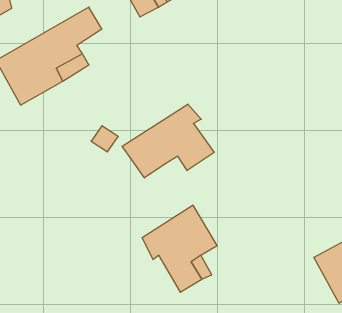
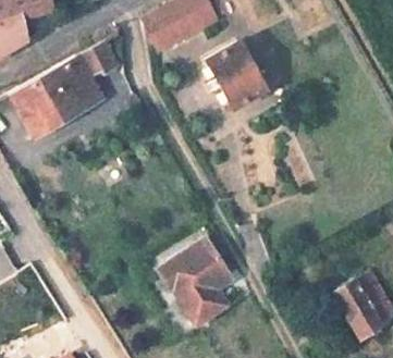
building: none -> [202,44,265,109]
building: [122,104,214,178] -> none

